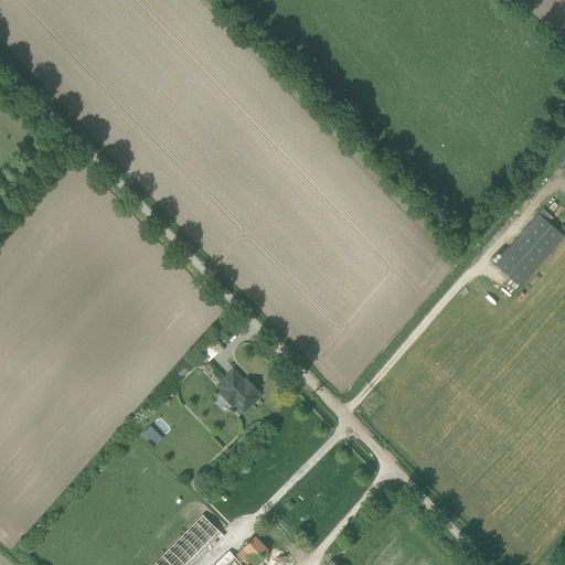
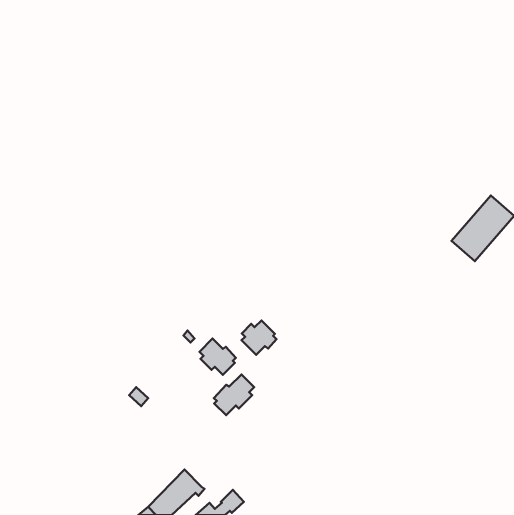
building: none -> [242,320,277,355]
building: none -> [214,374,254,415]

